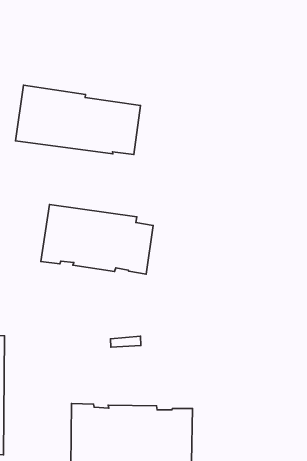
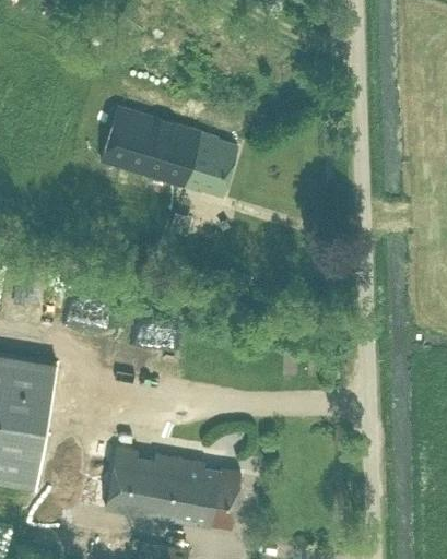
building: [41,204,153,274] -> none

